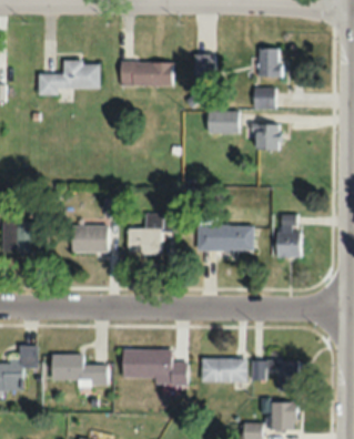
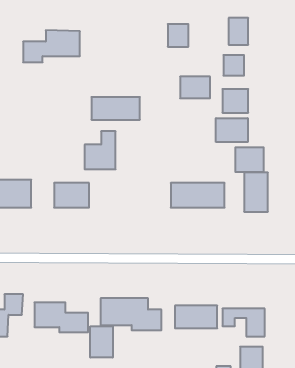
building: [121,62,173,86] -> [91,97,140,120]
building: none -> [216,118,248,142]
building: none -> [235,147,264,172]
building: [129,213,162,254] -> [85,131,116,169]
building: none -> [90,326,113,358]

